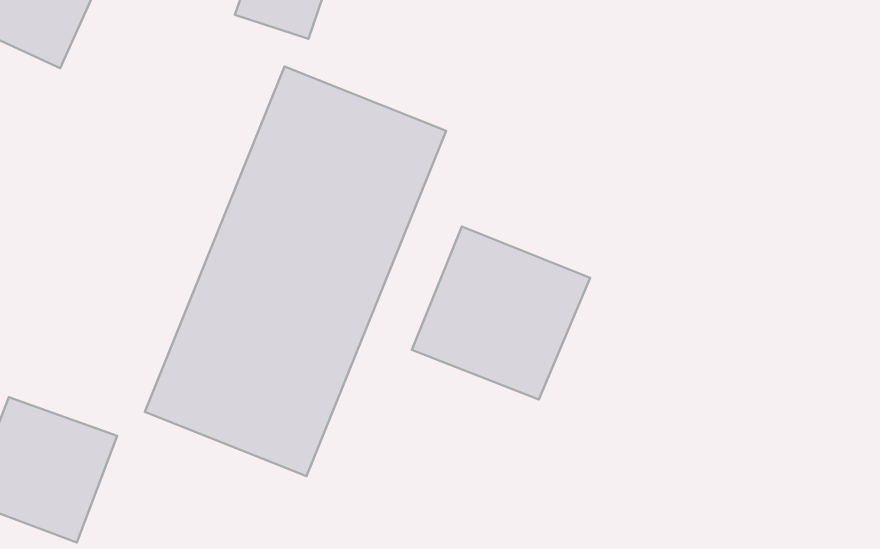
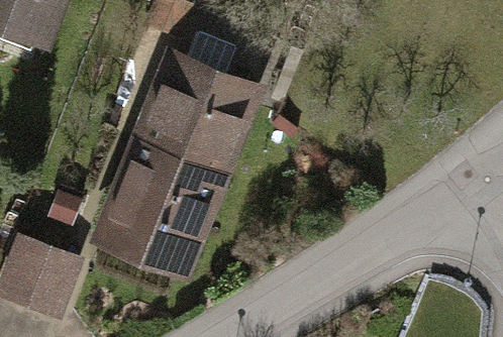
building: [412,227,590,400] -> none

